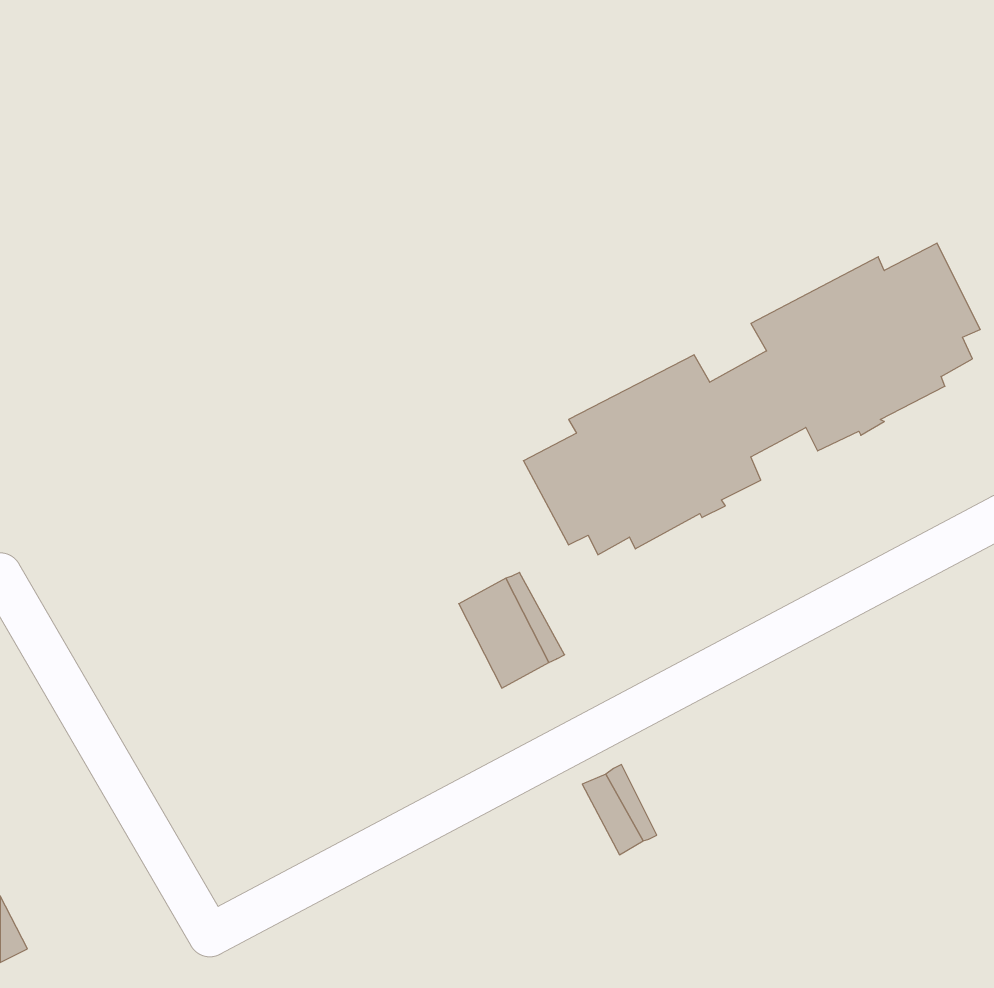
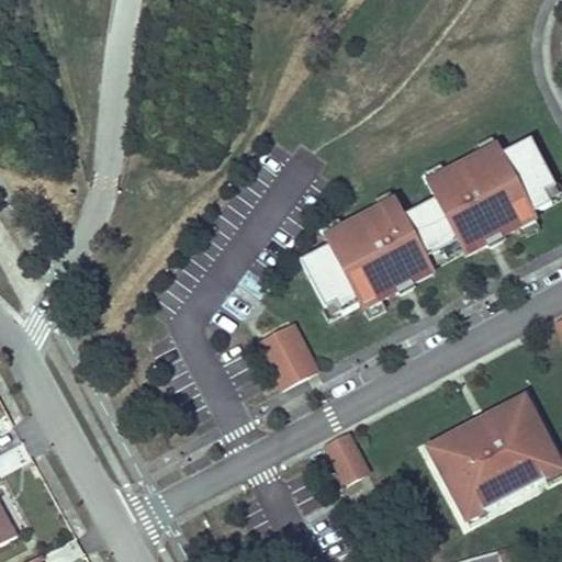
building: none -> [429,402,557,514]

